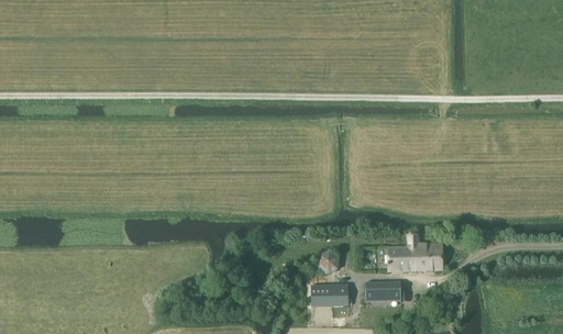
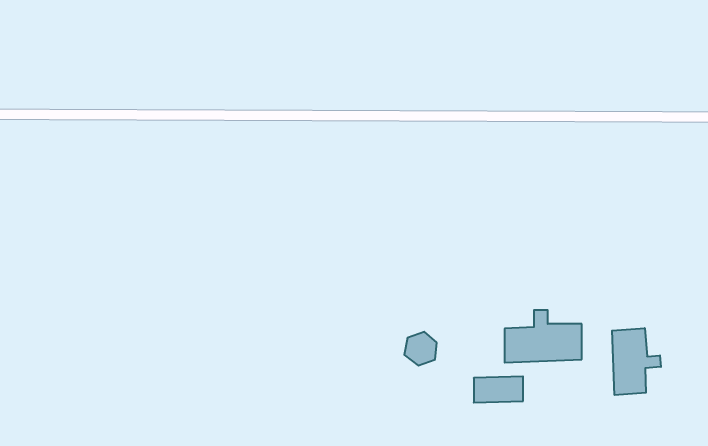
building: none -> [612,328,661,395]
building: [311,285,347,305] -> none

